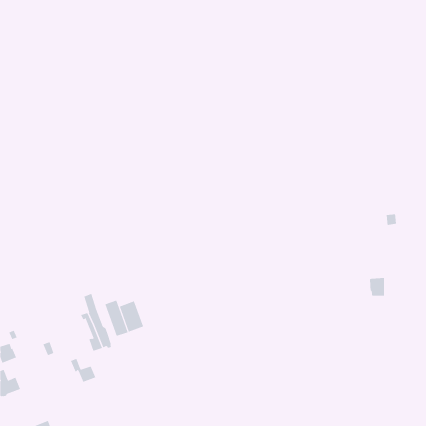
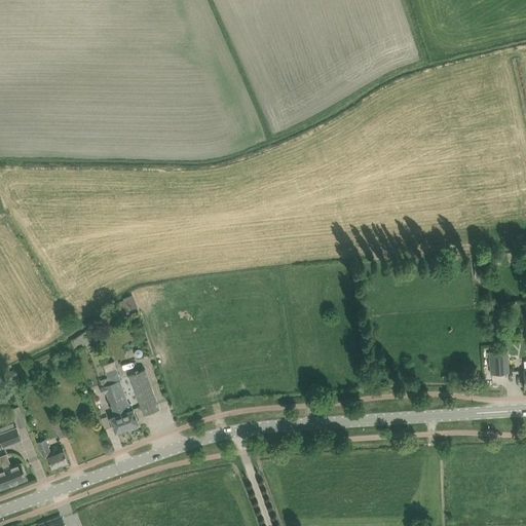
building: [369,278,385,296] -> [487,351,506,374]
building: [119,300,144,332] -> none
building: [70,358,96,382] -> [36,440,68,469]

